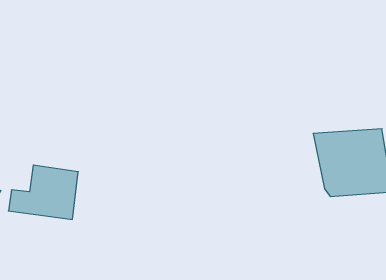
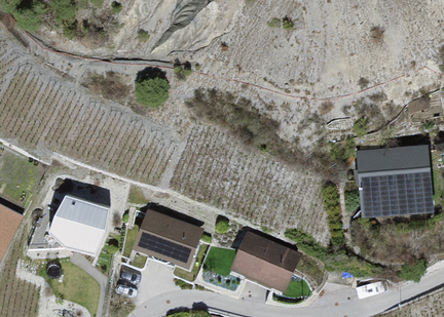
building: none -> [133,207,205,270]
building: none -> [230,231,302,294]

